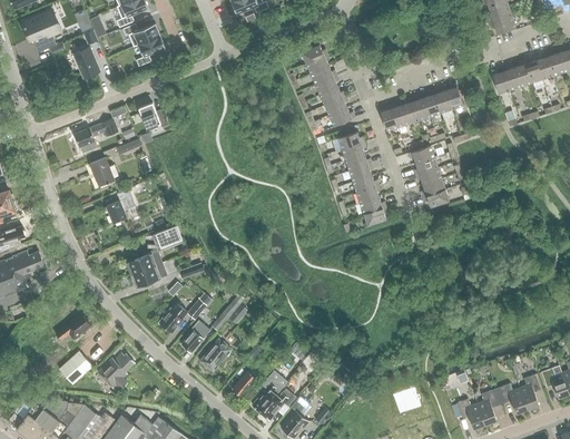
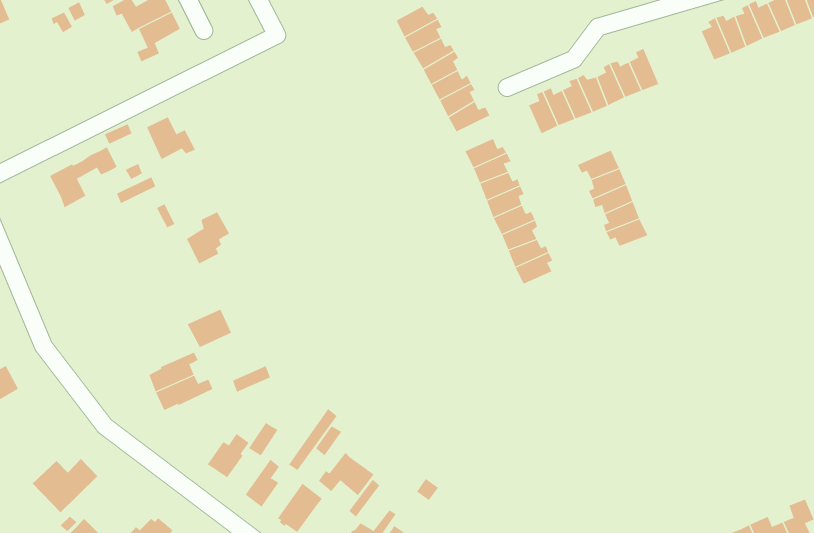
building: [73,47,99,78] -> none
building: [87,156,117,186] -> none
building: [107,189,135,222] -> [186,211,230,264]
building: none -> [318,452,374,496]

